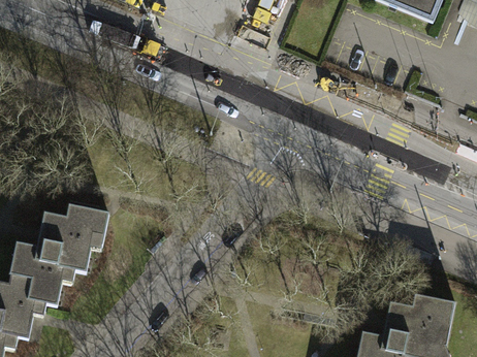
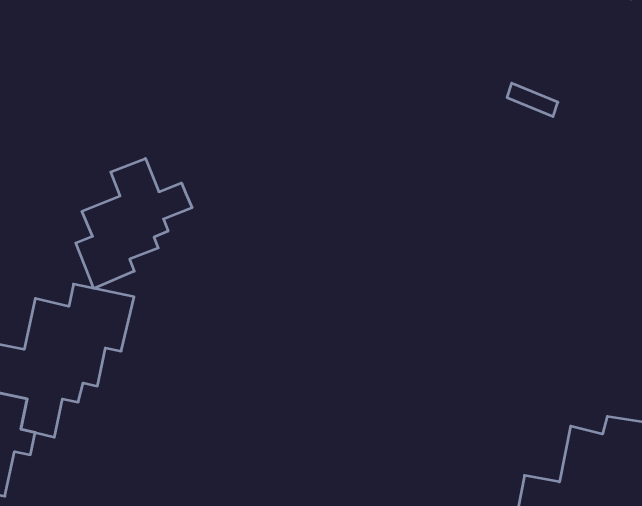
building: none -> [76,158,192,288]

